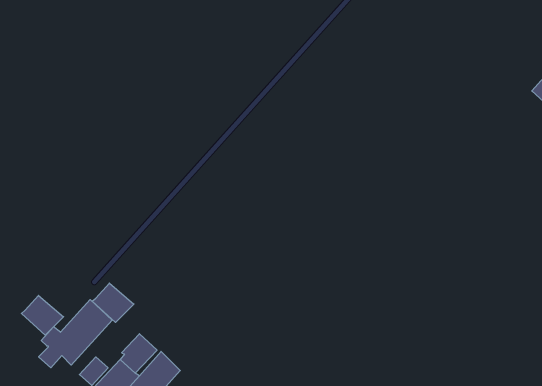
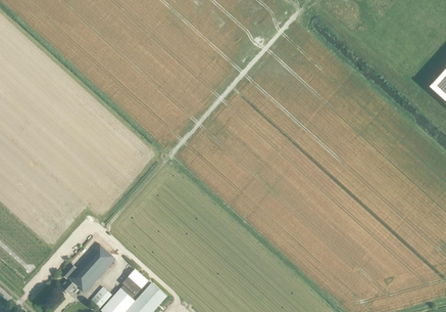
building: [92,283,134,322] -> none
building: [21,295,64,335] -> none

